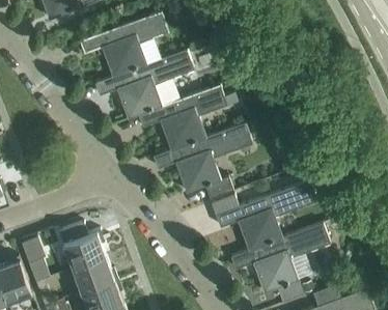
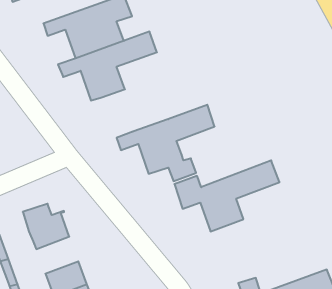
building: [138,86,238,150] -> none
building: [231,223,329,293] -> none
building: [73,256,115,293] -> none

